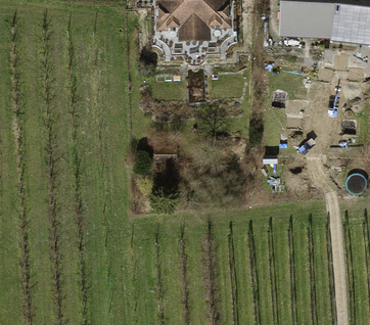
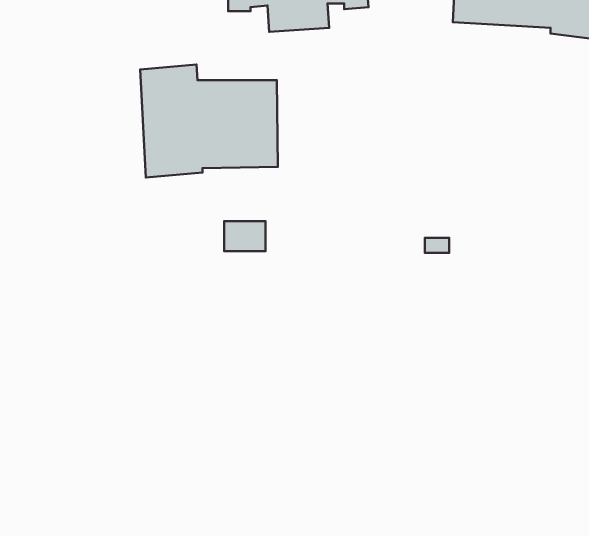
building: none -> [140,64,278,177]

